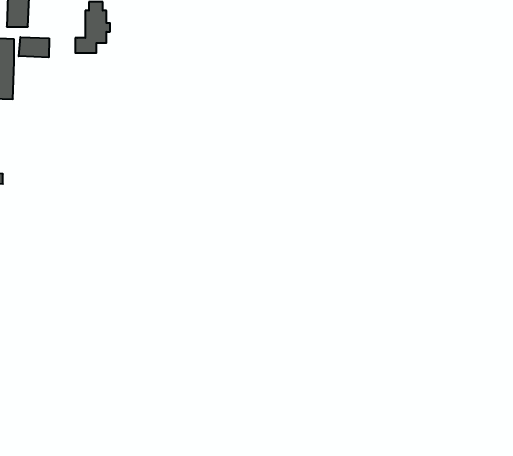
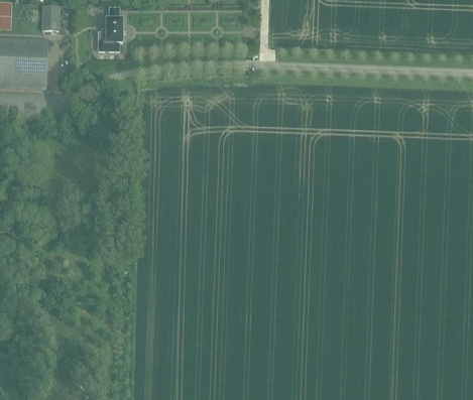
building: [19,37,49,57] -> none

